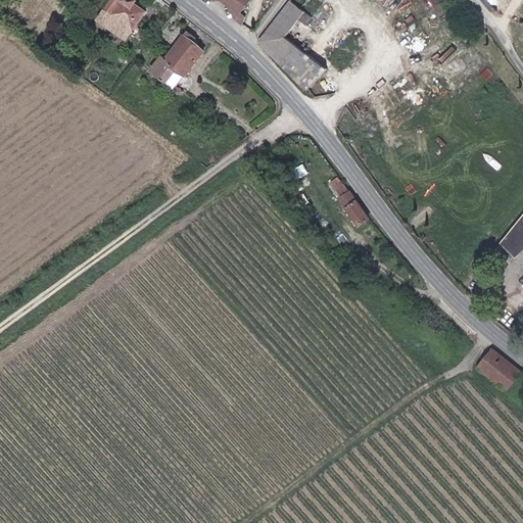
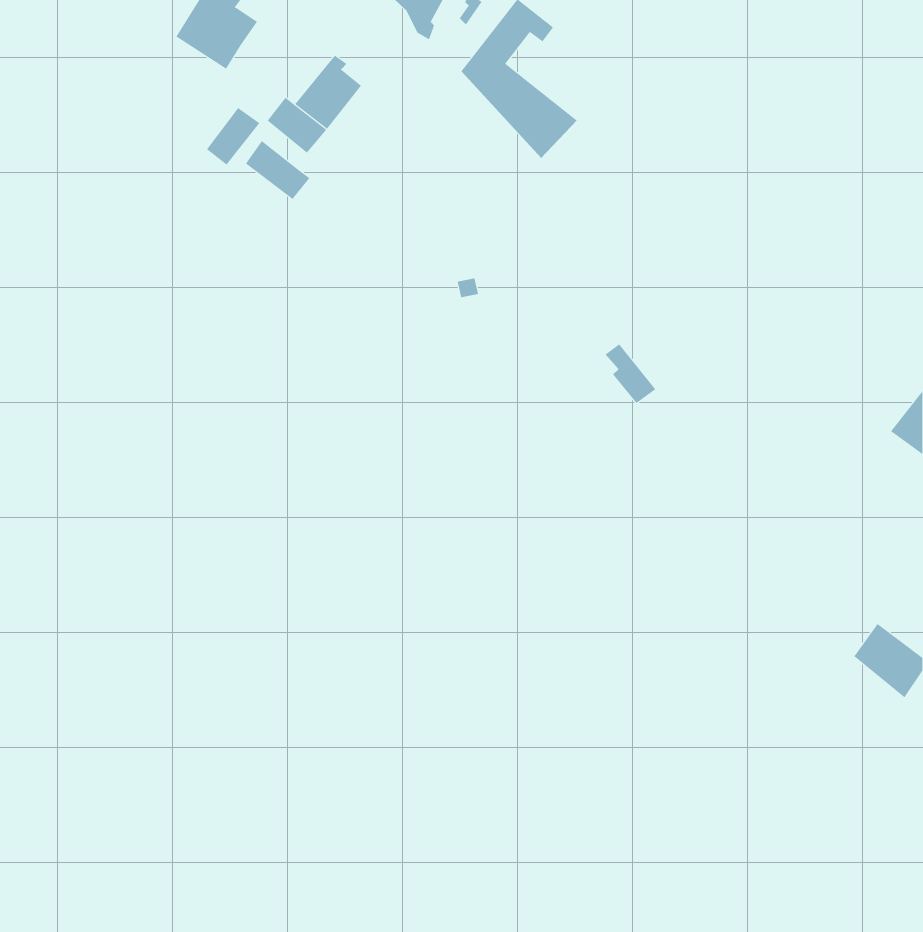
building: none -> [206,107,260,166]
building: none -> [245,140,310,200]

